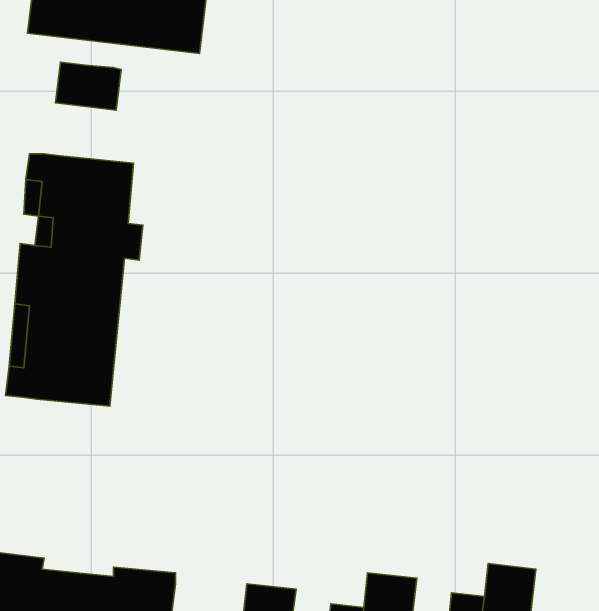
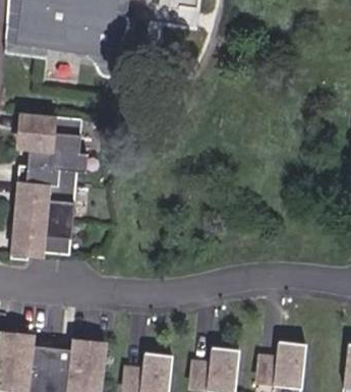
building: [56,62,121,110] -> none

